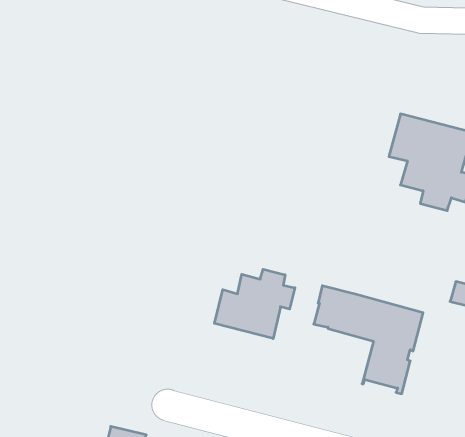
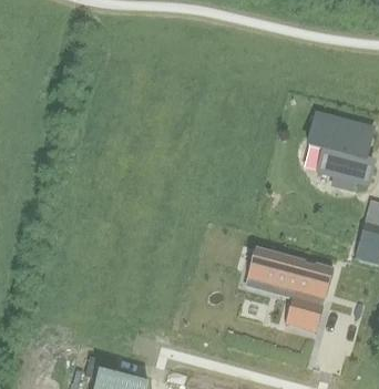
building: [214,269,295,339] -> none

